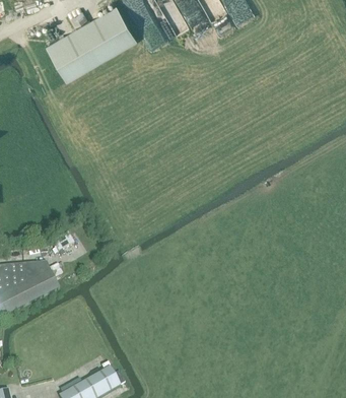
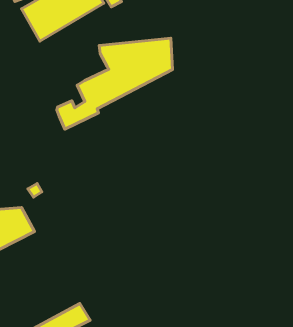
building: none -> [57,38,172,129]

